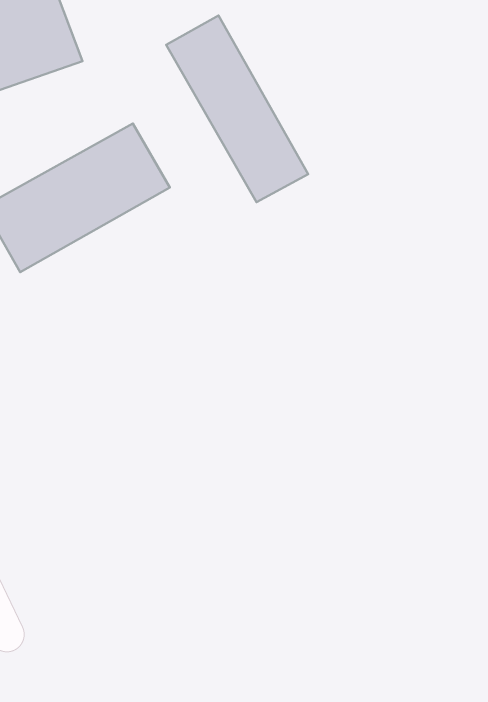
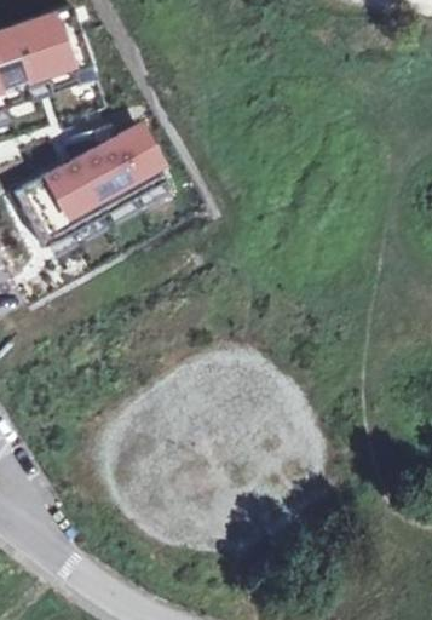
building: [166,15,308,202] -> none

